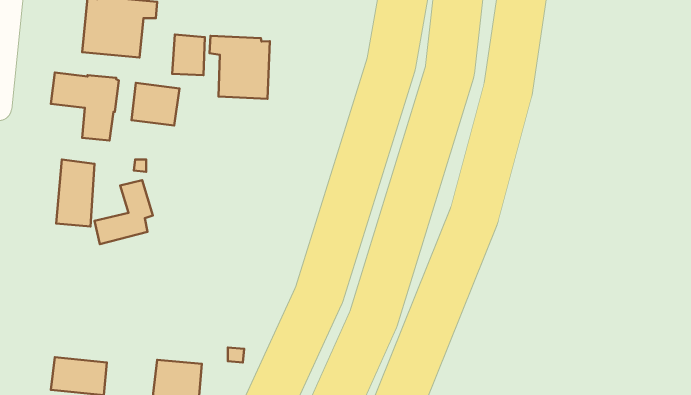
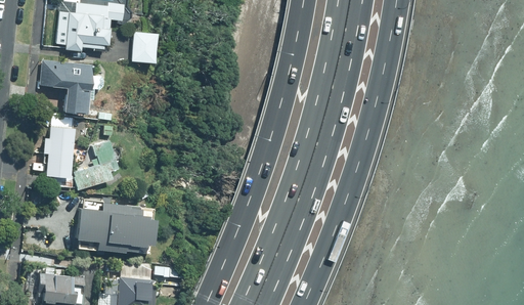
building: [210,36,270,99] -> none
building: [132,83,180,126] -> none
building: none -> [76,202,151,250]

